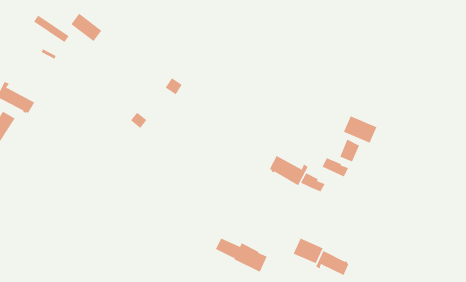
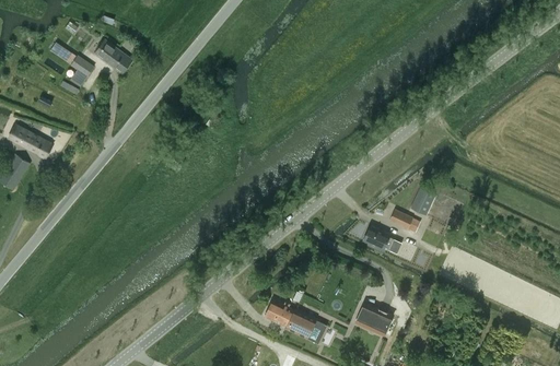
building: [343,116,377,144] -> none
building: [269,155,309,186] -> none
building: [315,250,349,276] -> none

